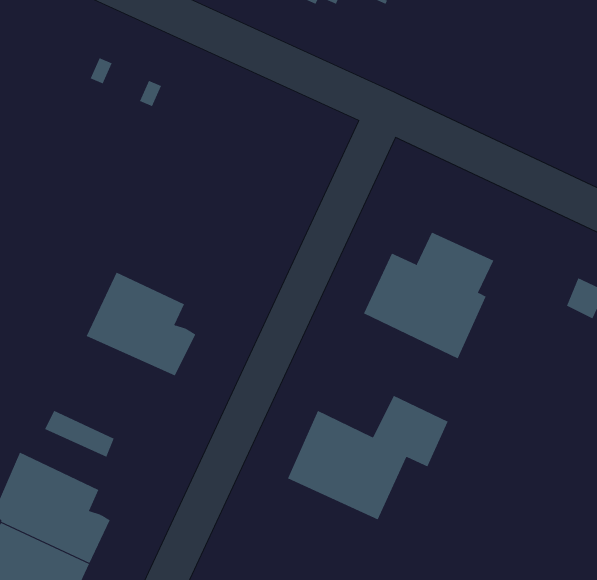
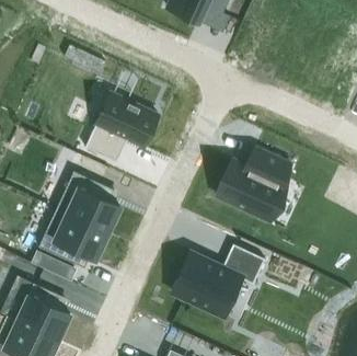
building: none -> [85,93,159,163]
building: none -> [39,209,108,266]

